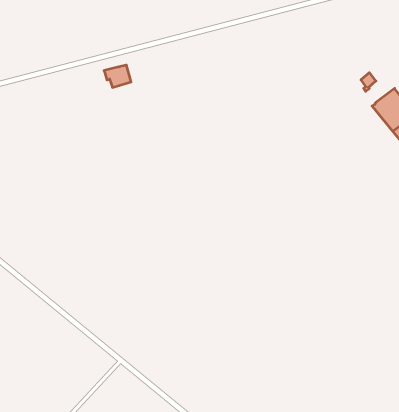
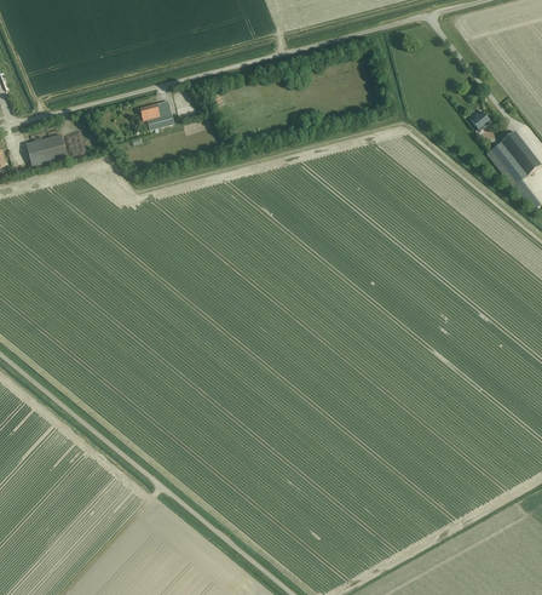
building: none -> [25,132,67,167]

